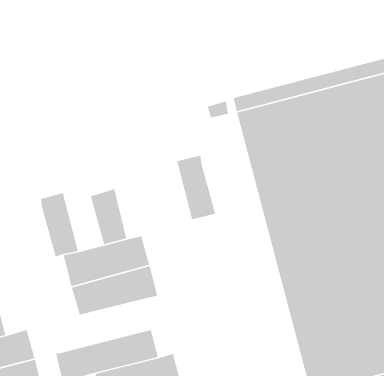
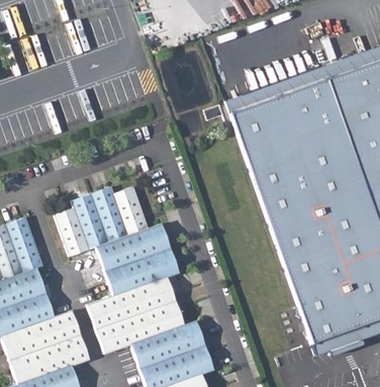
building: [176,155,216,220] -> [91,186,128,241]
building: none -> [55,208,89,256]
building: none -> [87,277,175,328]

